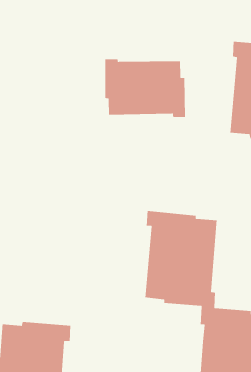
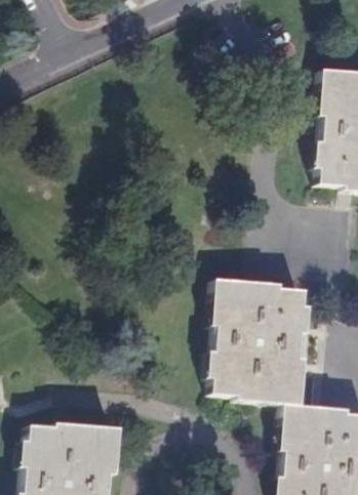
building: [105,58,186,118] -> none

